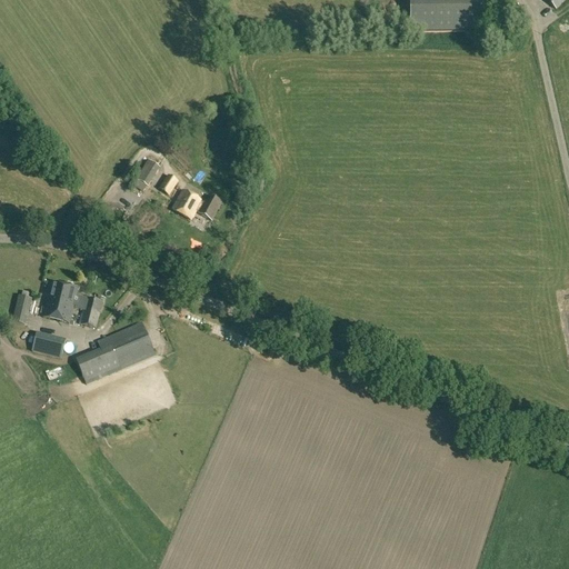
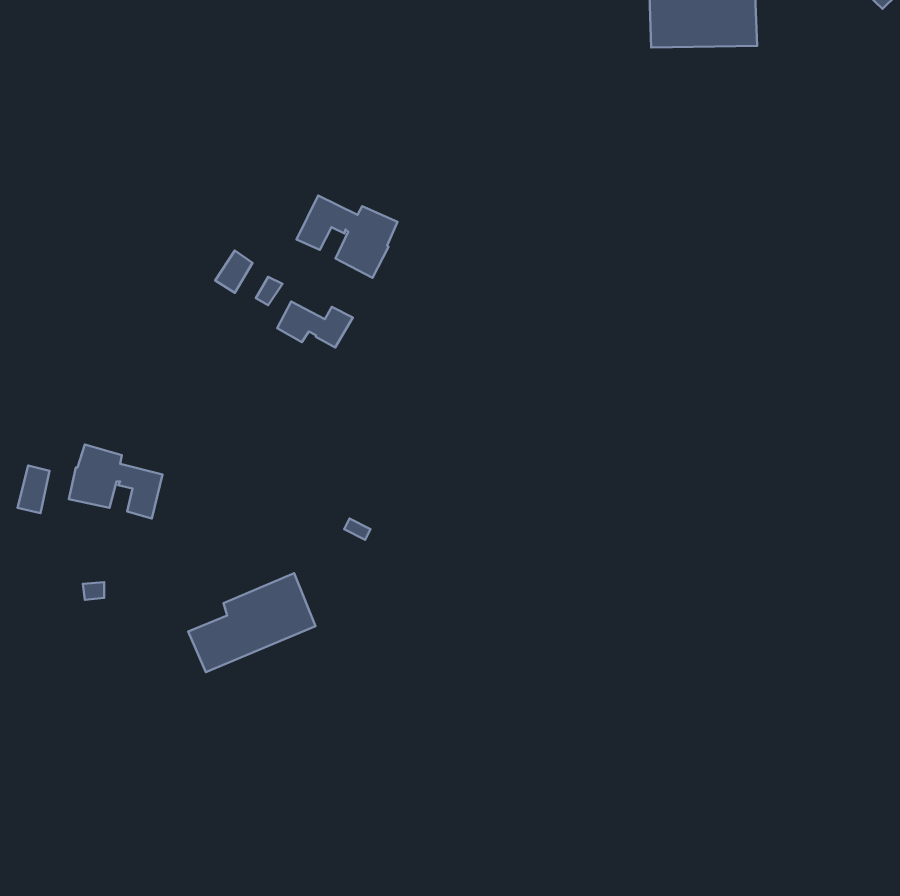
building: none -> [296,196,397,278]
building: [77,320,157,382] -> [188,573,315,672]
building: [33,330,67,356] -> none

